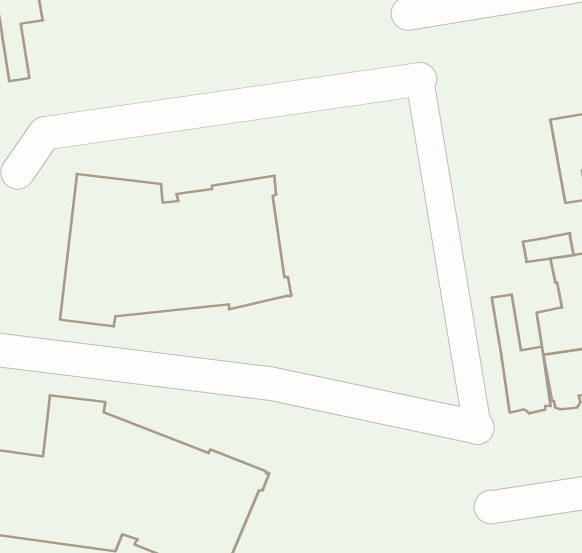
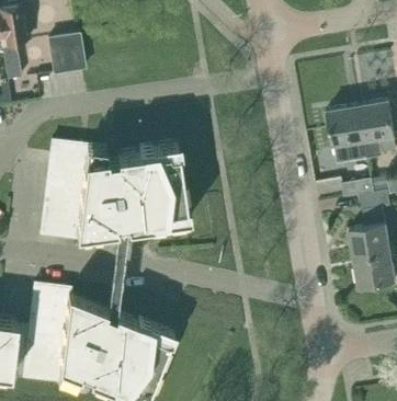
building: none -> [45,33,84,73]
building: none -> [324,105,367,161]
building: [492,294,551,413] -> none

